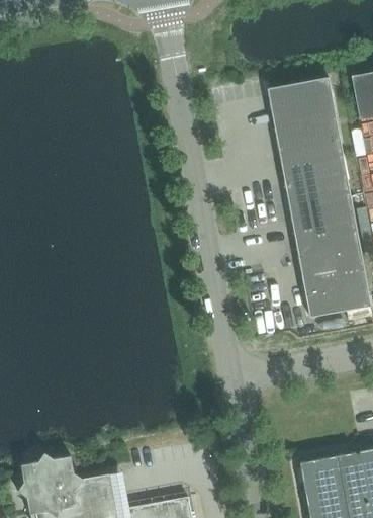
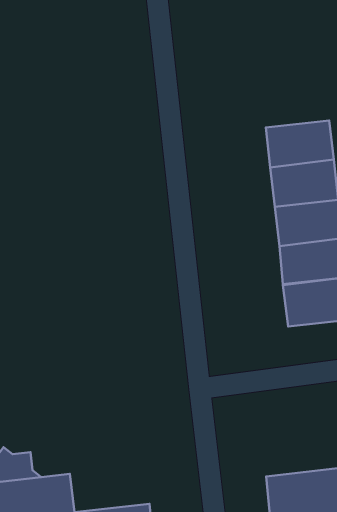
building: [268,79,336,128] -> none

